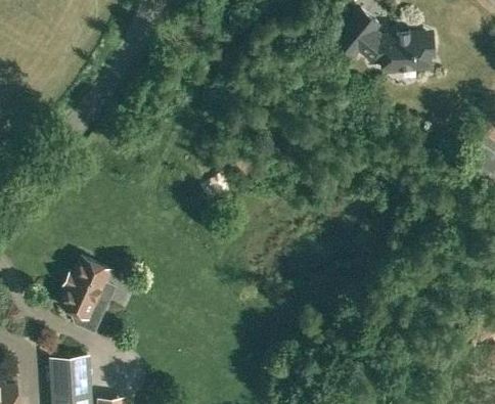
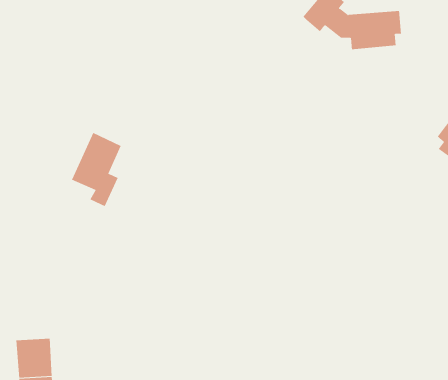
building: [59,258,109,331] -> [71,132,122,207]

